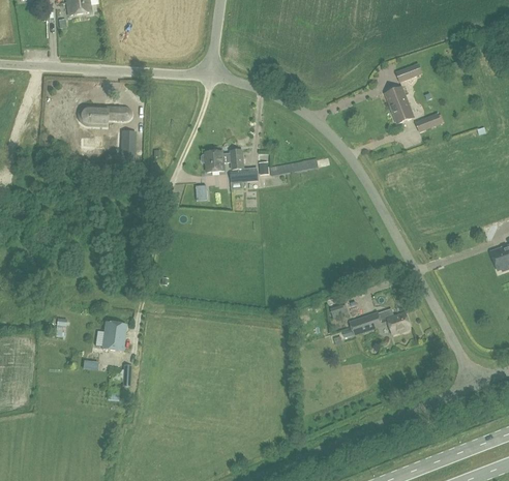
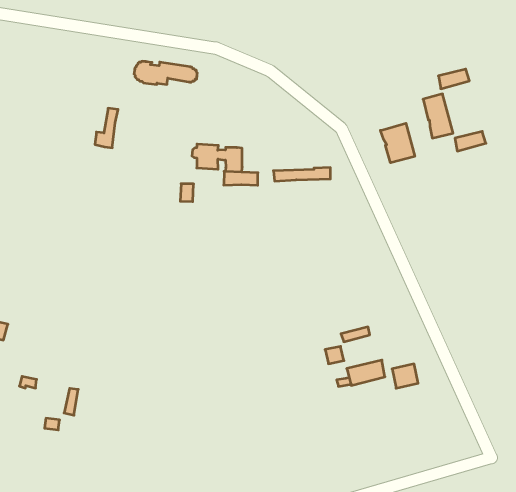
building: [79,106,130,124] -> [134,61,197,84]
building: none -> [380,123,415,163]
building: [101,321,126,351] -> none

